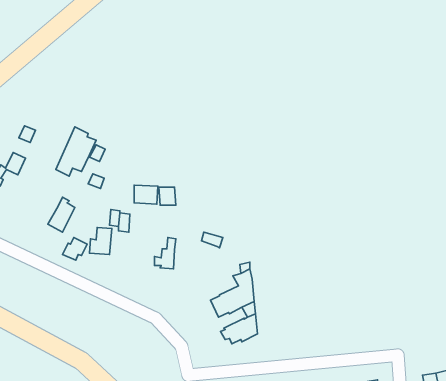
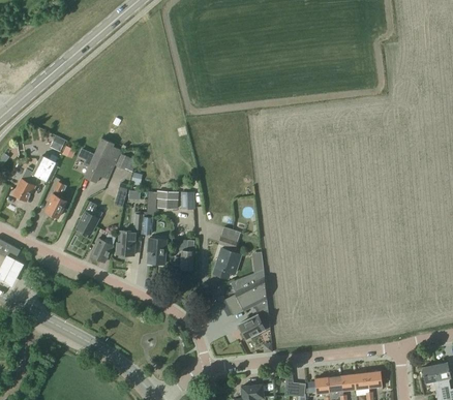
building: none -> [46,181,66,217]
building: none -> [148,238,167,265]
building: none -> [213,248,241,278]

